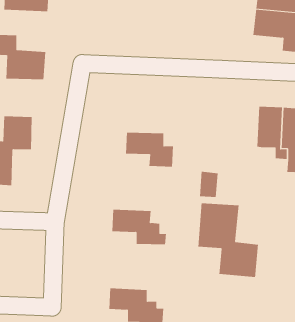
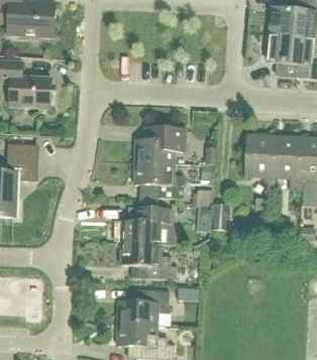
building: none -> [134,126,186,162]
building: none -> [243,133,277,188]
building: none -> [120,208,172,243]
building: [198,203,259,278] -> none
building: none -> [117,288,169,325]

